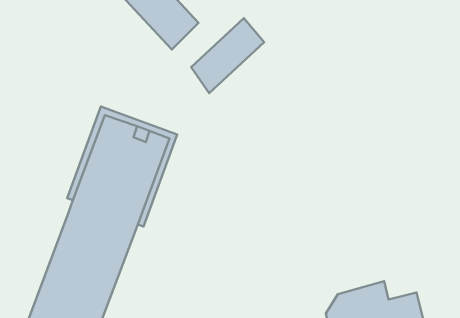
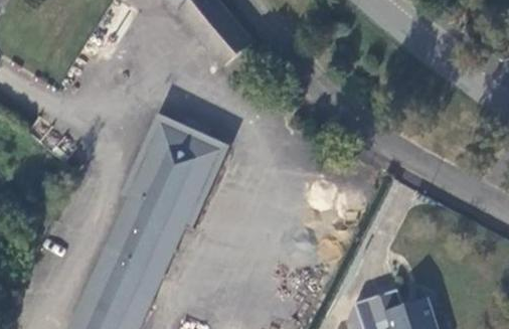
building: [191,18,264,93] -> none

